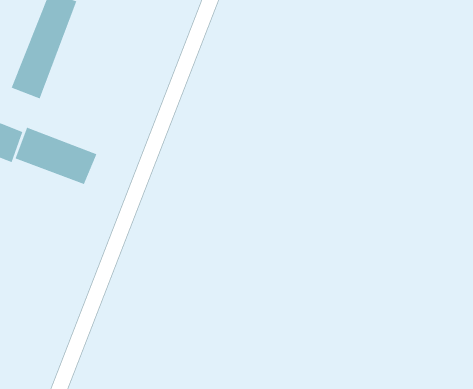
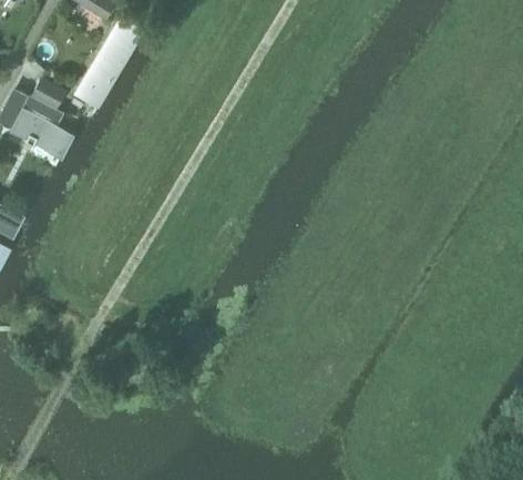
building: [15,127,97,185] -> none

